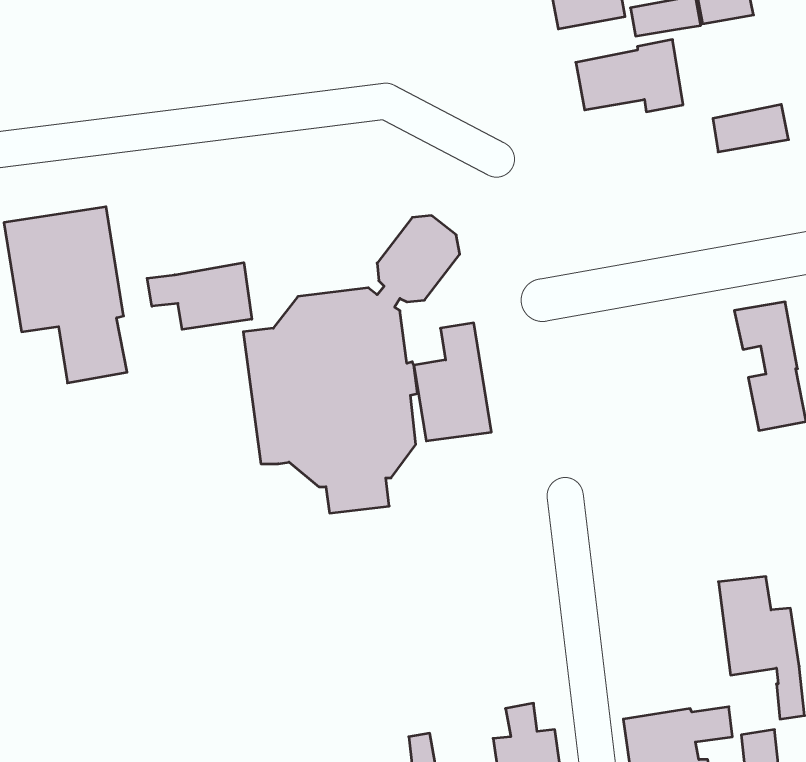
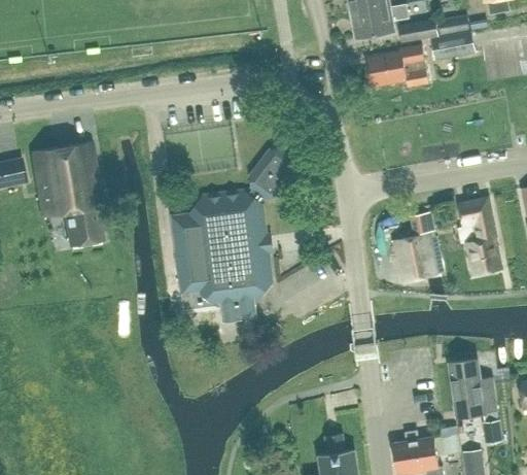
building: [713,104,789,152] -> [431,32,476,60]
building: [147,263,252,329] -> none
building: [414,323,491,441] -> [394,211,440,280]

